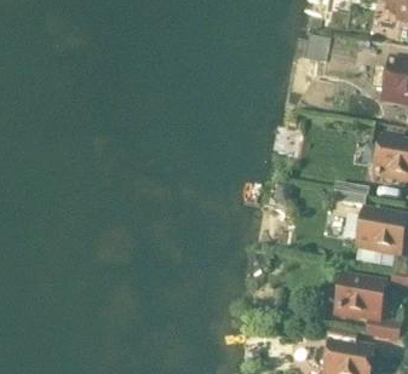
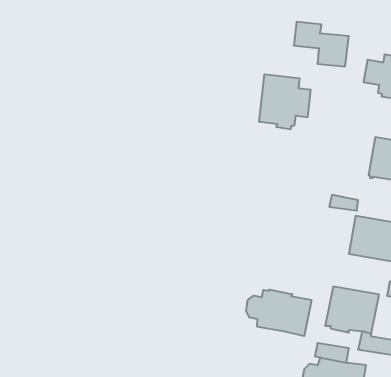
building: none -> [259,74,310,129]
building: none -> [246,290,312,336]

